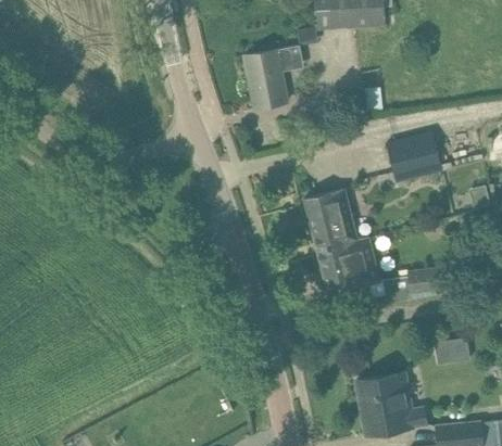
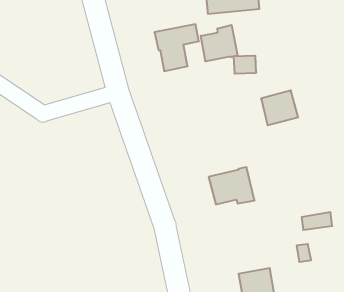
building: none -> [201,25,237,61]
building: [303,190,356,251] -> none
building: [409,268,450,292] -> [302,212,332,230]

